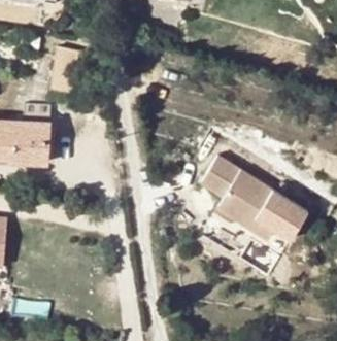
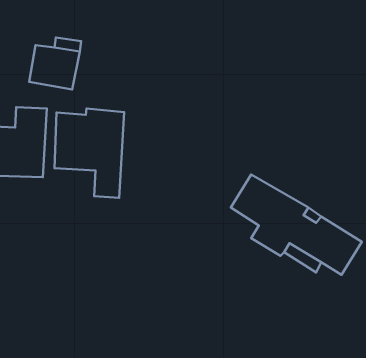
building: none -> [54,109,124,198]

